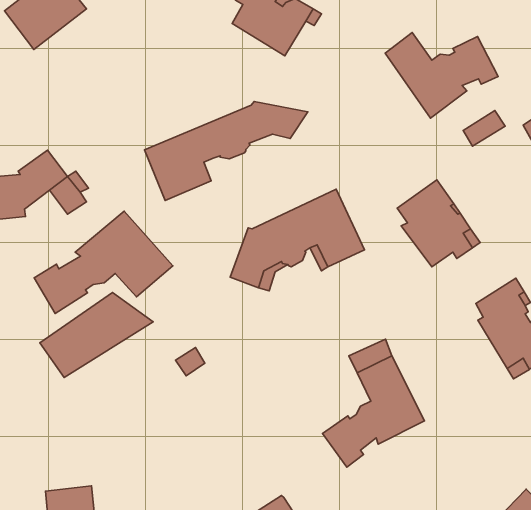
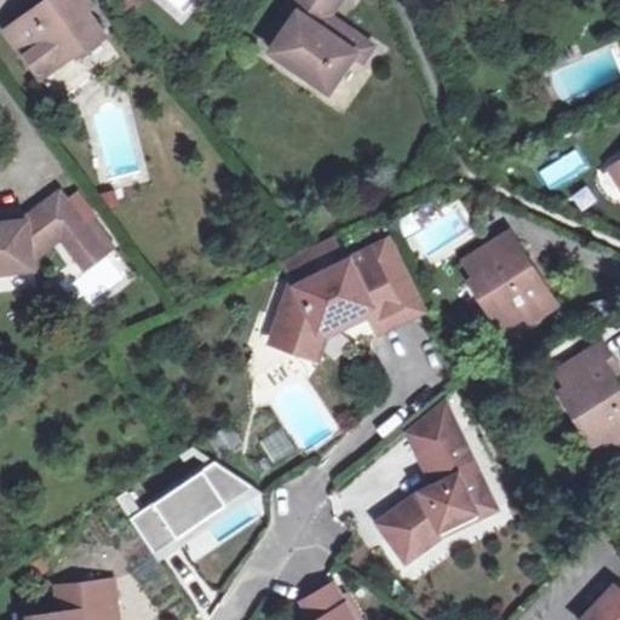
building: [385,32,498,118] -> none
building: [145,102,308,201] -> none
building: [34,211,173,314] -> none
building: [40,293,153,378] -> [130,459,260,557]

